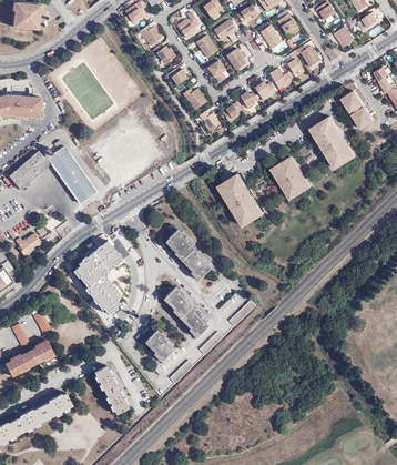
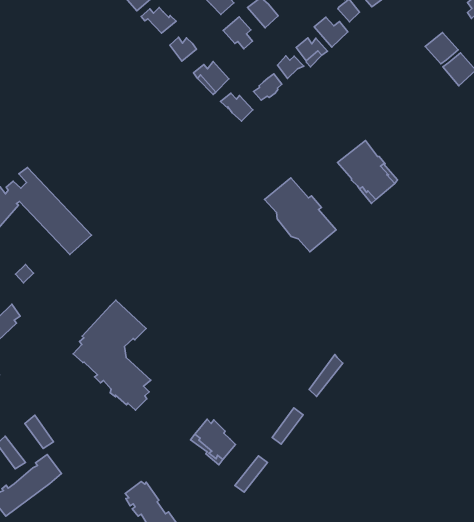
building: [311,117,356,169] -> none
building: [165,229,211,276] -> none
building: [163,286,208,334] -> none

